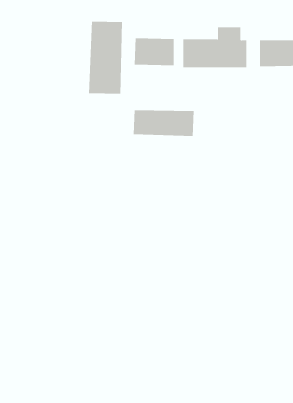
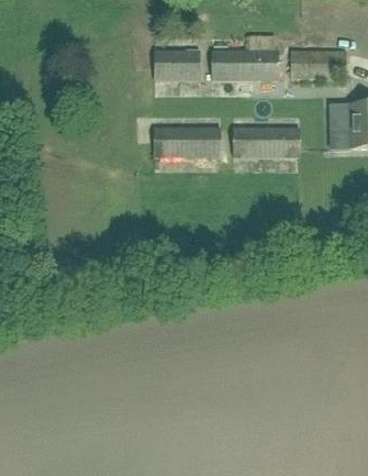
building: [88,21,123,94] -> none
building: none -> [233,128,300,156]

